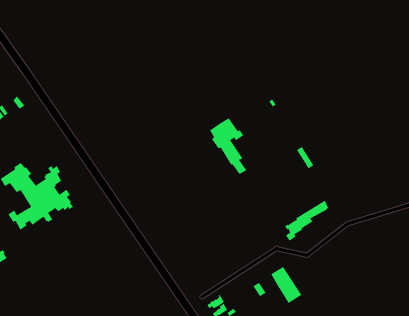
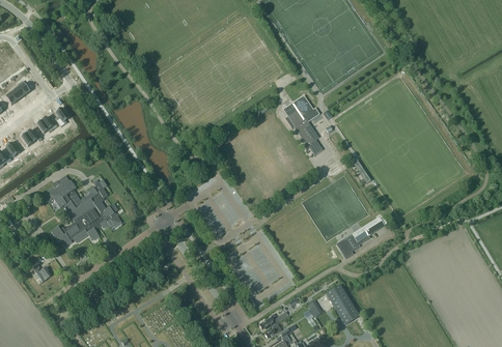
building: [209,117,247,175] -> [283,95,323,155]

